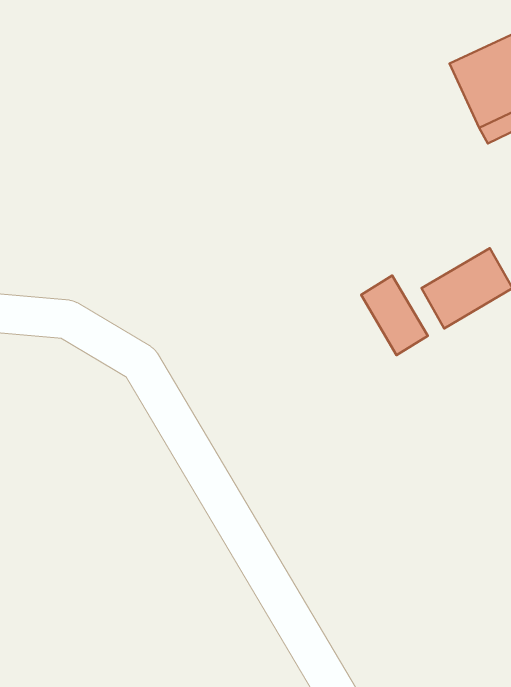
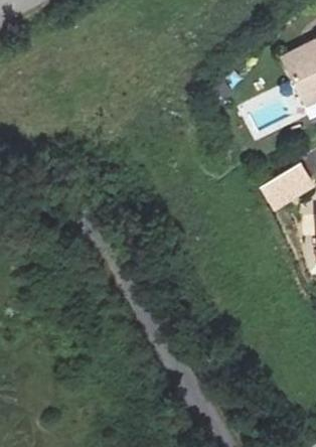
building: [361,276,428,355] -> none

